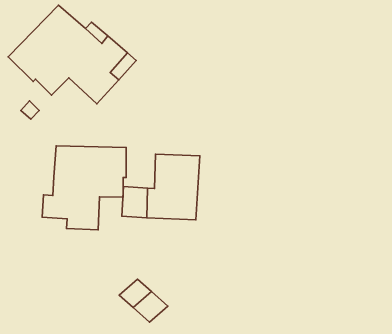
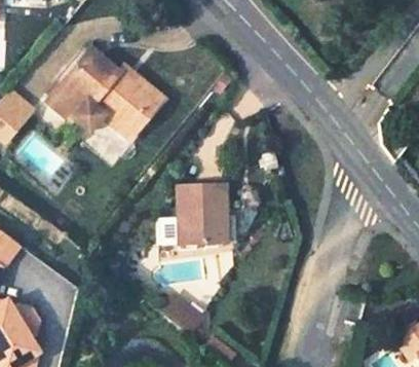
building: [42,146,126,230] -> none

